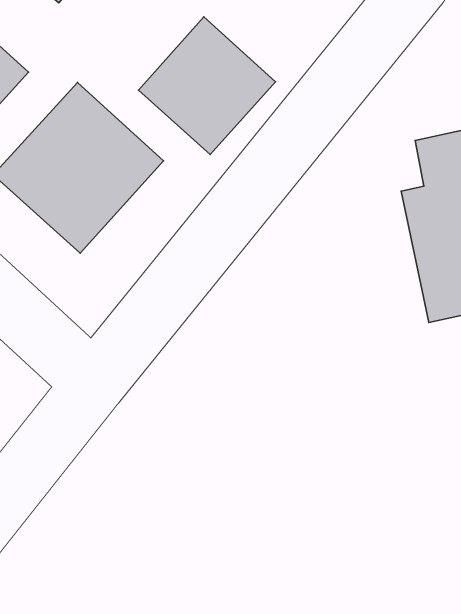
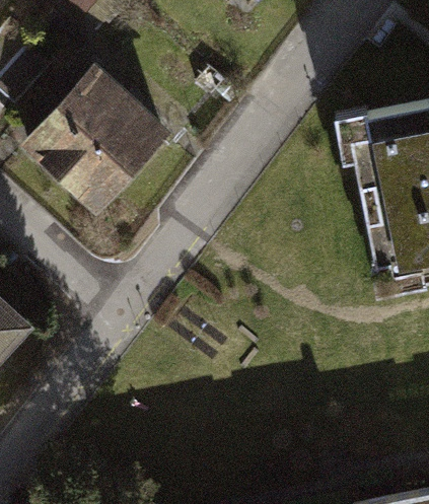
building: [138,17,276,154] -> none

